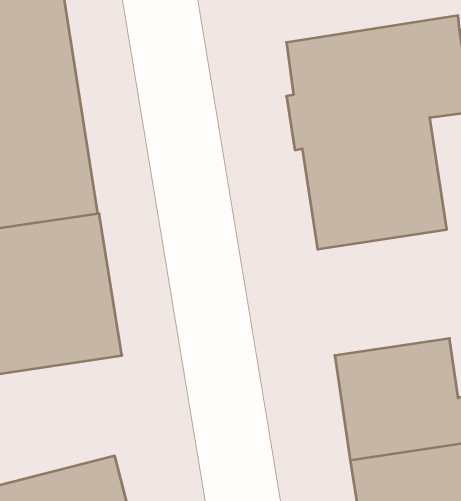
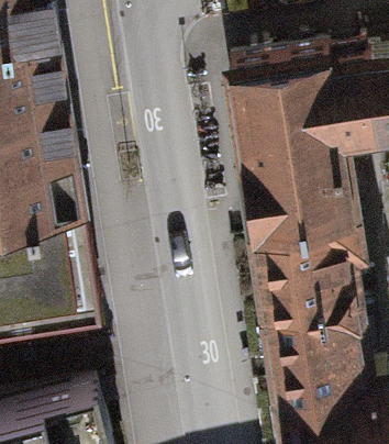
building: none -> [247,210,357,308]

